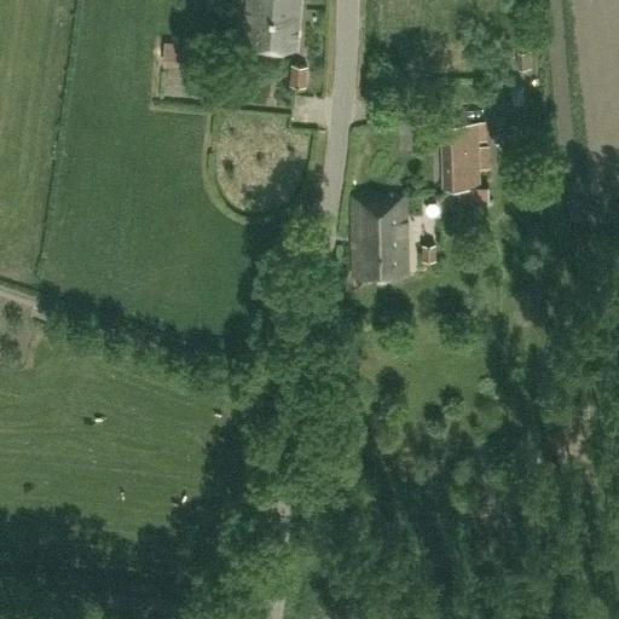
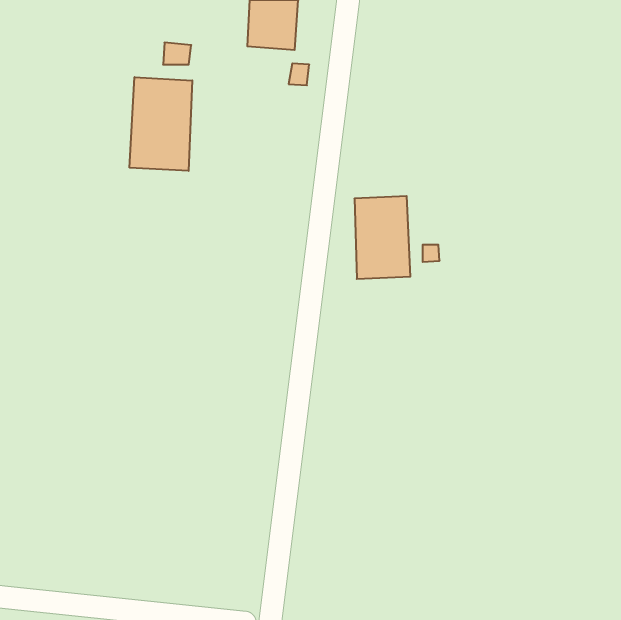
building: none -> [130,77,192,171]
building: [440,122,490,189] -> none

